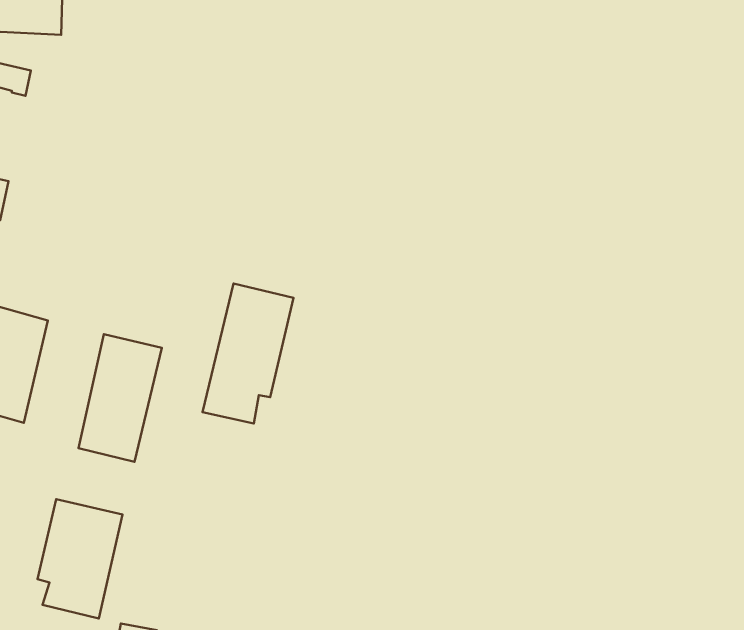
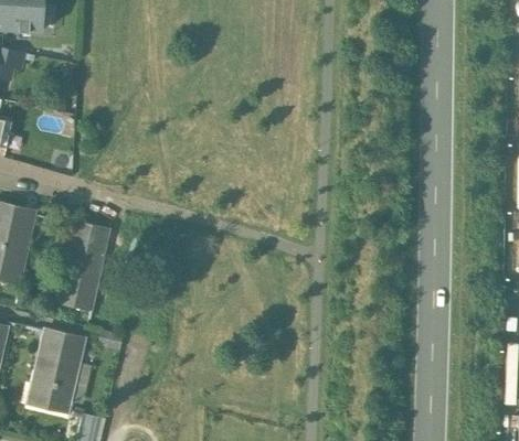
building: [203,283,294,423] -> none

